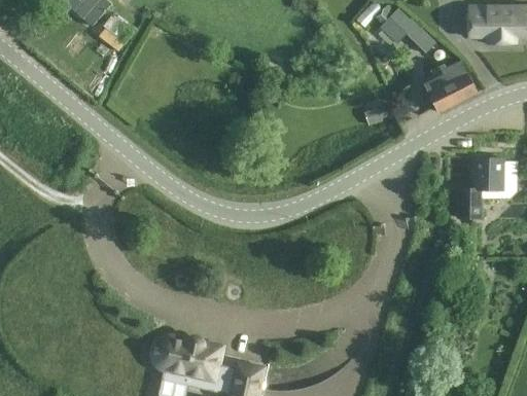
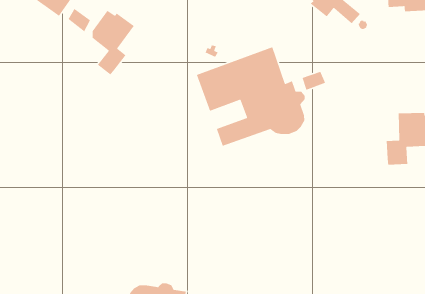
building: none -> [92,10,135,76]
building: [424,60,476,111] -> none
building: none -> [196,46,306,147]

